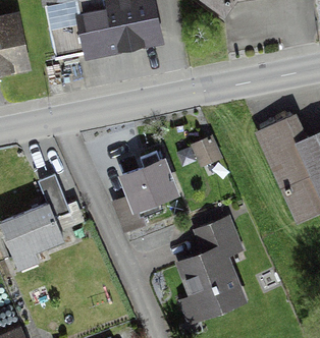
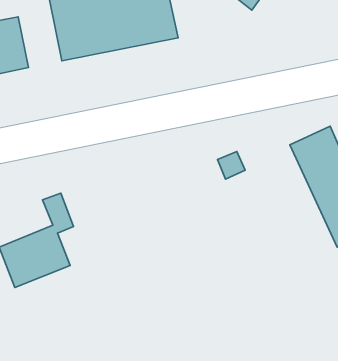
building: [114,152,174,231] -> none
building: [181,219,241,312] -> none

